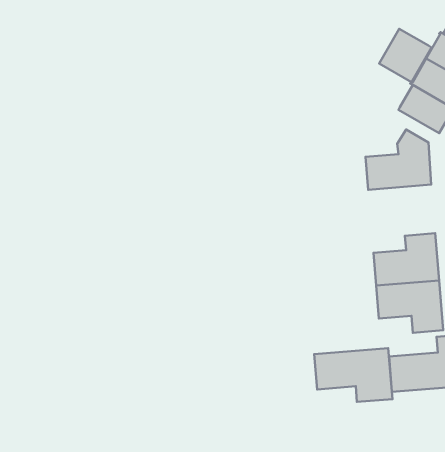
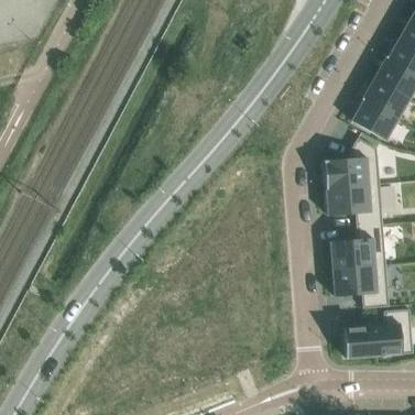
building: [379,29,432,82] -> none
building: none -> [326,184,382,227]
building: [314,348,392,402] -> none

